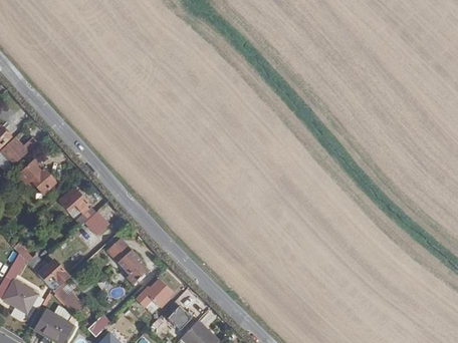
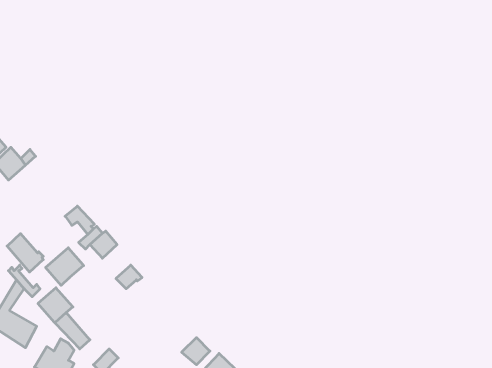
building: [22,158,54,193] -> [7,234,43,272]
building: none -> [46,248,84,285]
building: [117,252,147,282] -> none
building: [134,280,172,308] -> none

